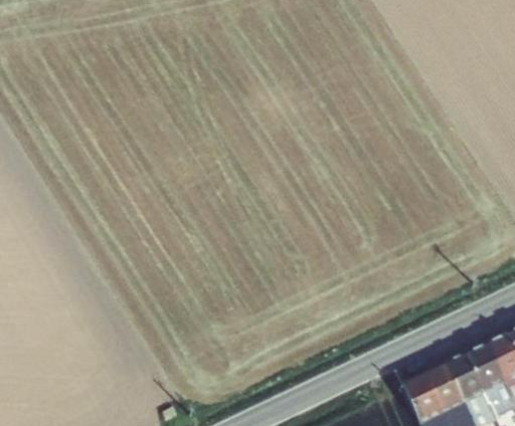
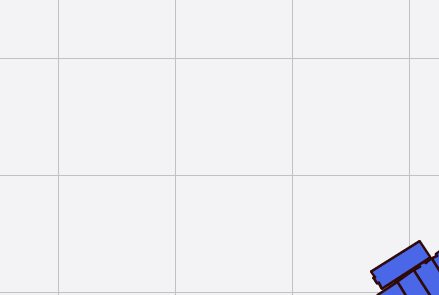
building: none -> [371,241,430,289]

